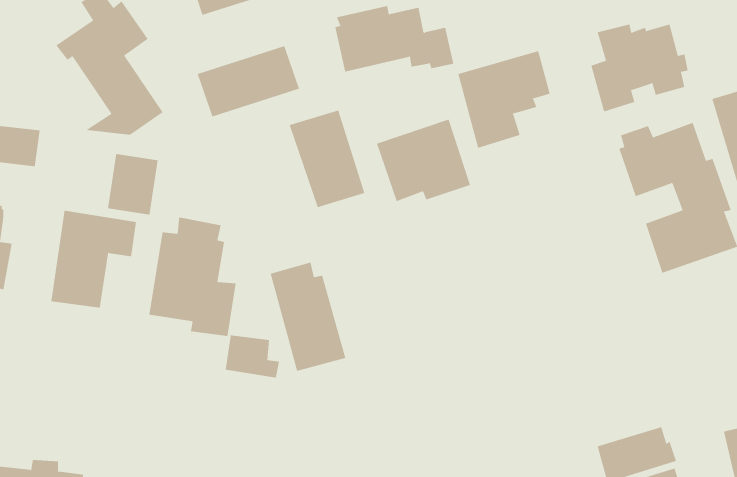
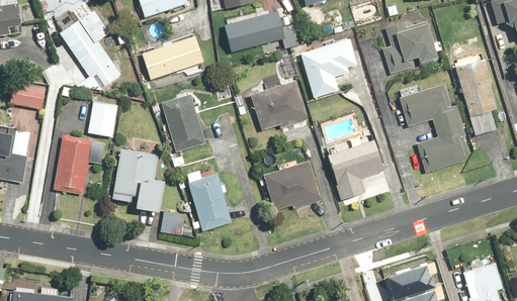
building: [289,110,365,208] -> [160,94,206,154]
building: none -> [326,136,387,201]
building: none -> [264,158,322,211]

